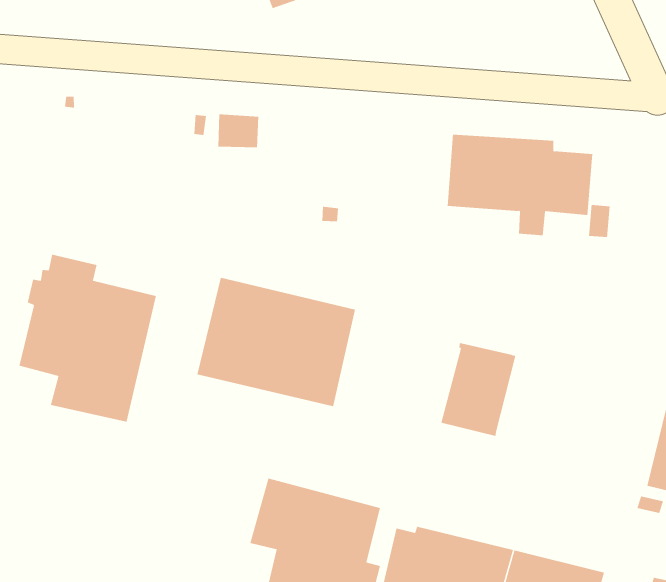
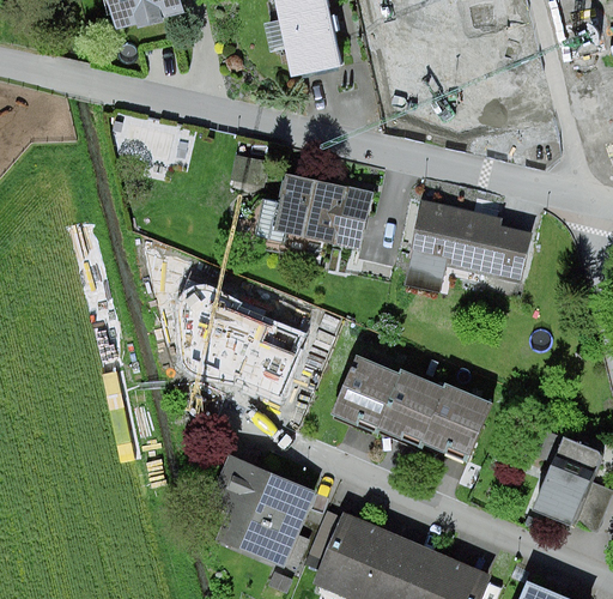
building: none -> [251,173,372,250]
building: [19,254,156,423] -> none
building: none -> [330,355,400,436]
building: none -> [419,382,492,465]

